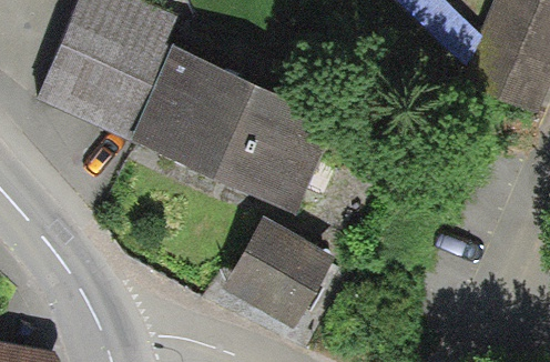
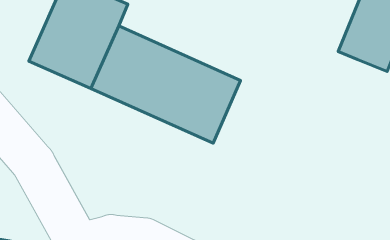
building: [223,217,334,326] -> none

